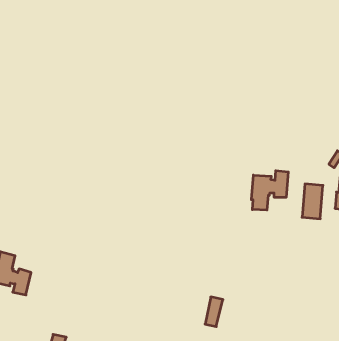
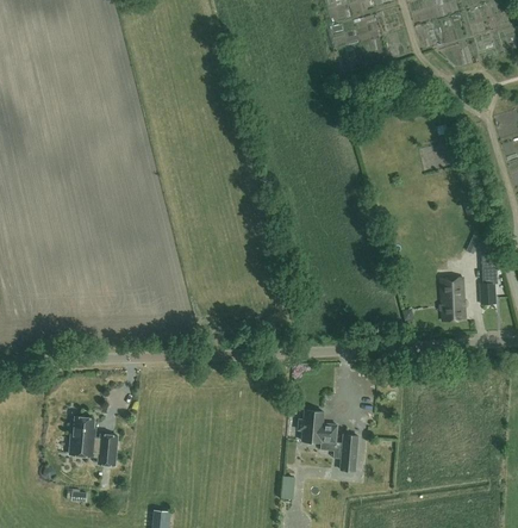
building: [251,171,288,210] -> none
building: none -> [299,410,337,442]

